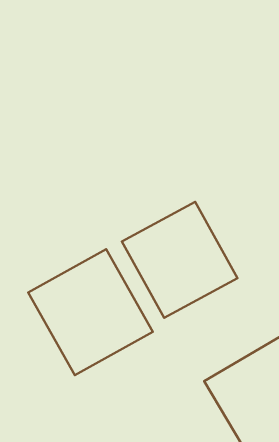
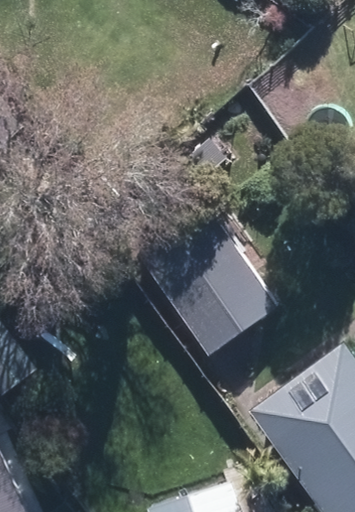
building: [28,249,153,375] -> none

